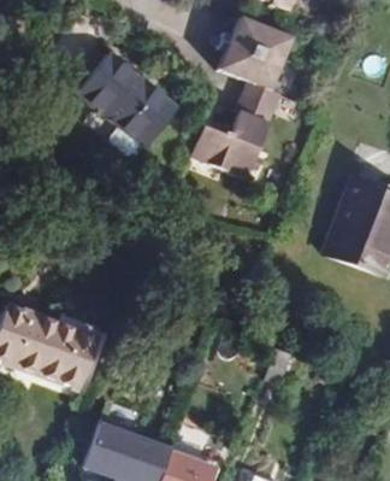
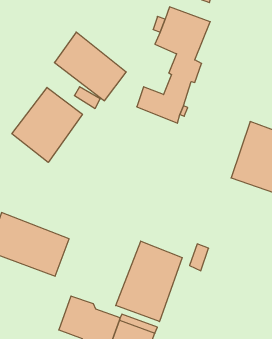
building: none -> [12,87,82,162]
building: none -> [116,241,182,322]

